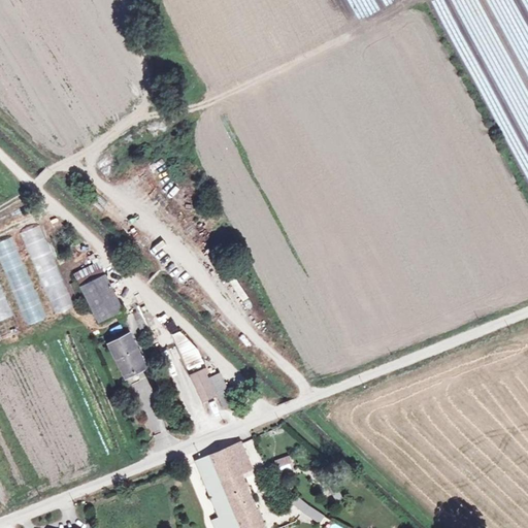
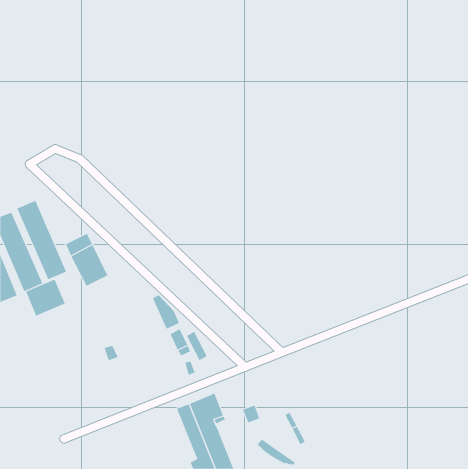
building: none -> [26,279,66,317]
building: [108,335,143,376] -> none

